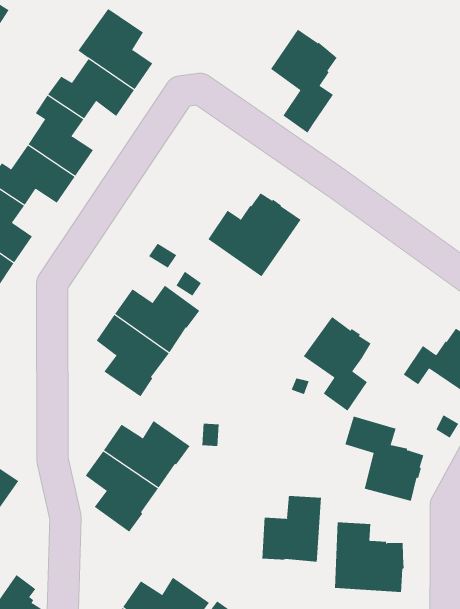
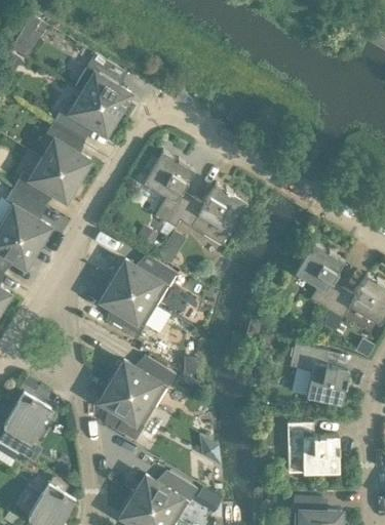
building: [270,29,337,134] -> [144,152,193,229]
building: [303,316,372,412] -> [294,243,344,313]
building: [262,495,321,563] -> none

